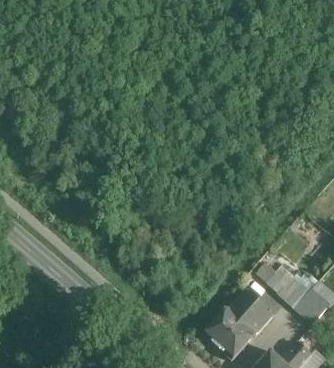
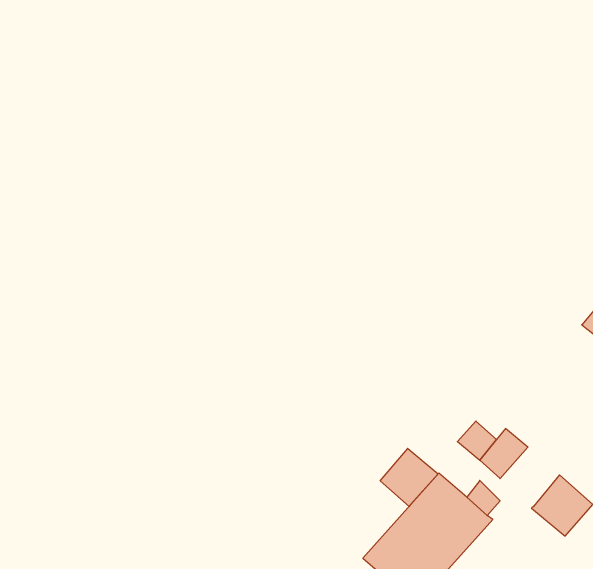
building: [278,274,310,306] -> none
building: none -> [380,448,438,506]

